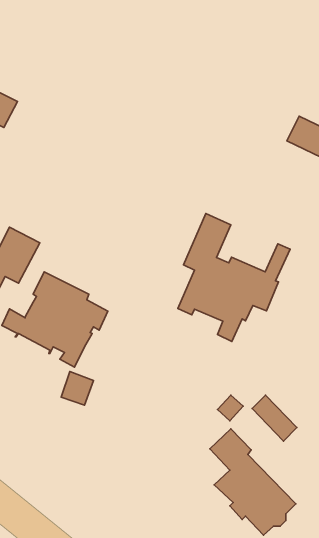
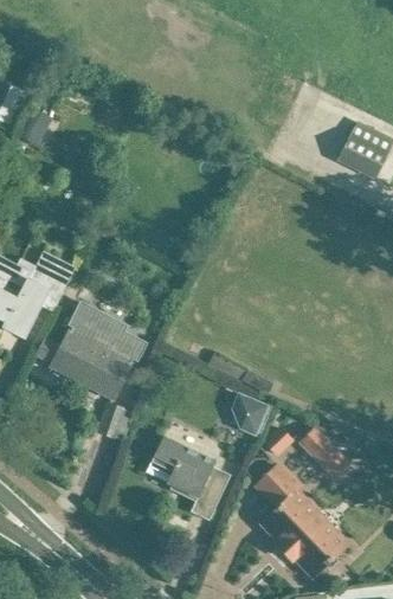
building: [178,213,290,341] -> none
building: none -> [230,394,271,439]
building: none -> [148,437,230,521]

